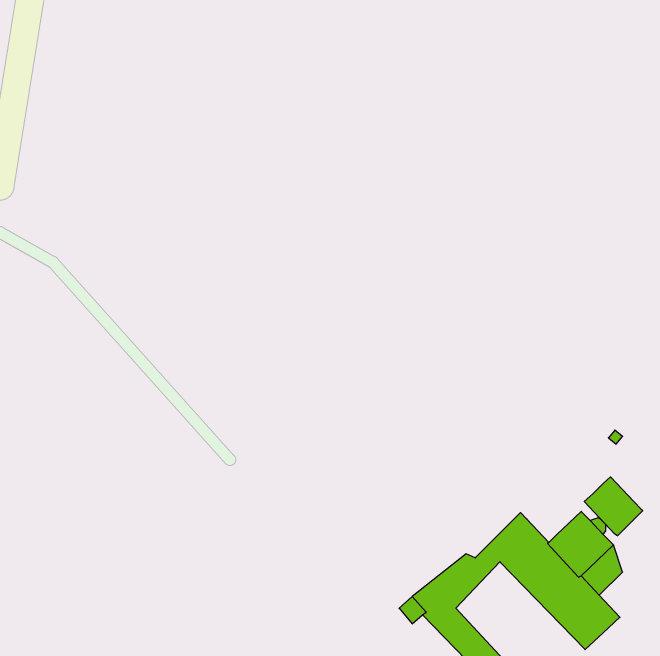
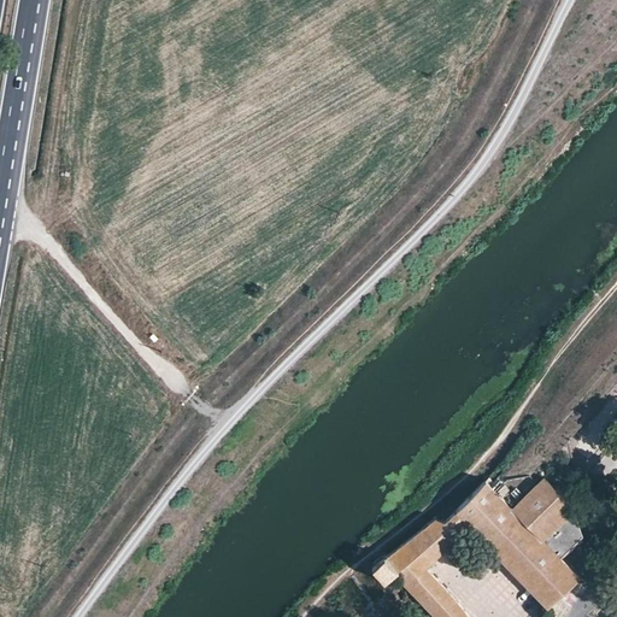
building: [584,477,643,536] -> none

